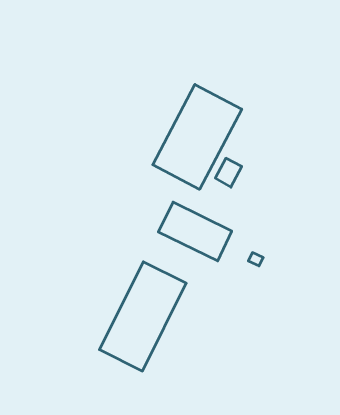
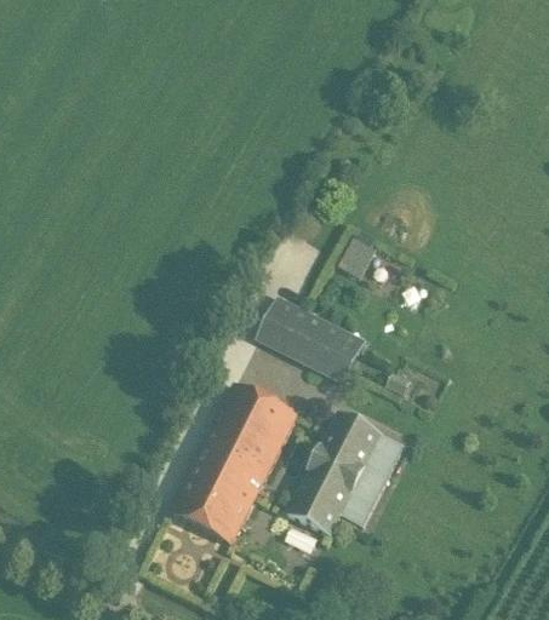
building: [153,84,242,189] -> none
building: none -> [288,413,401,533]

